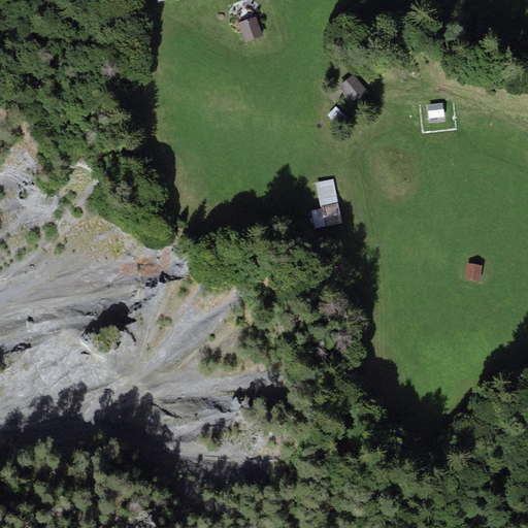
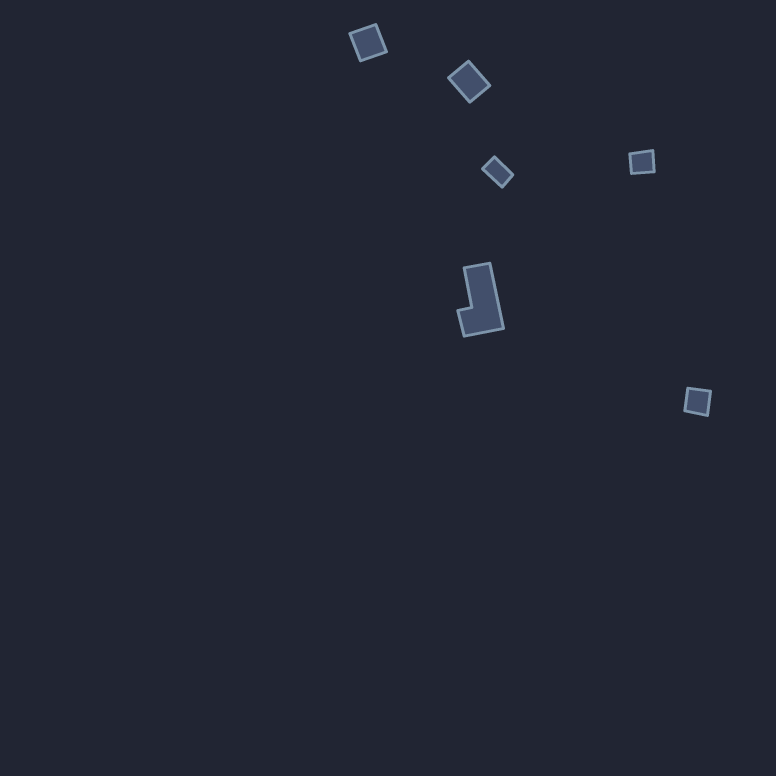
building: [337,75,365,103] -> [449,61,490,102]

